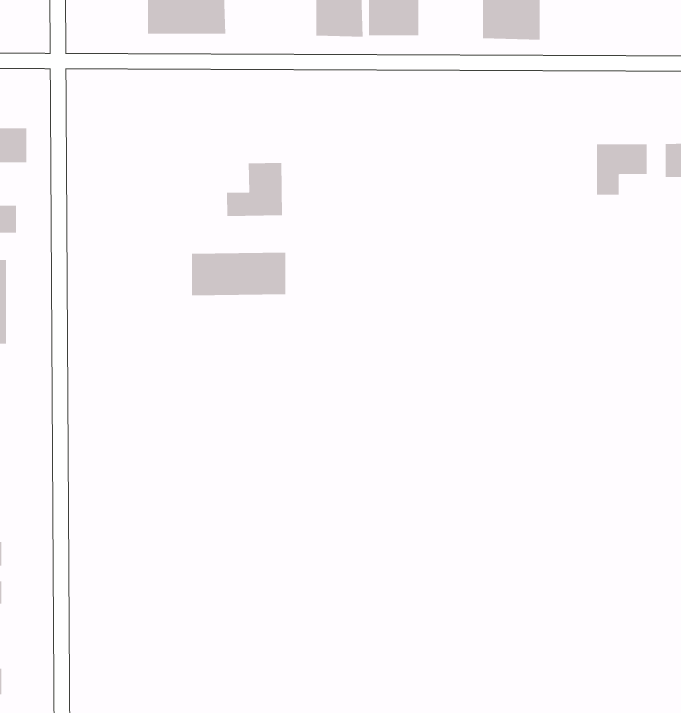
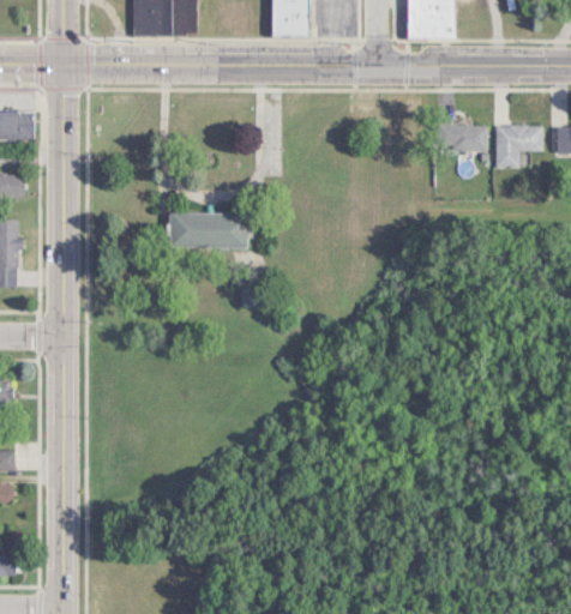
building: none -> [446,124,487,148]
building: [226,162,283,217] -> none

